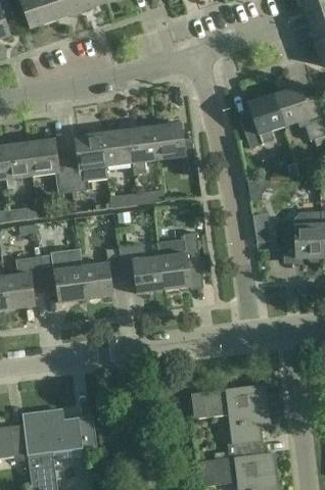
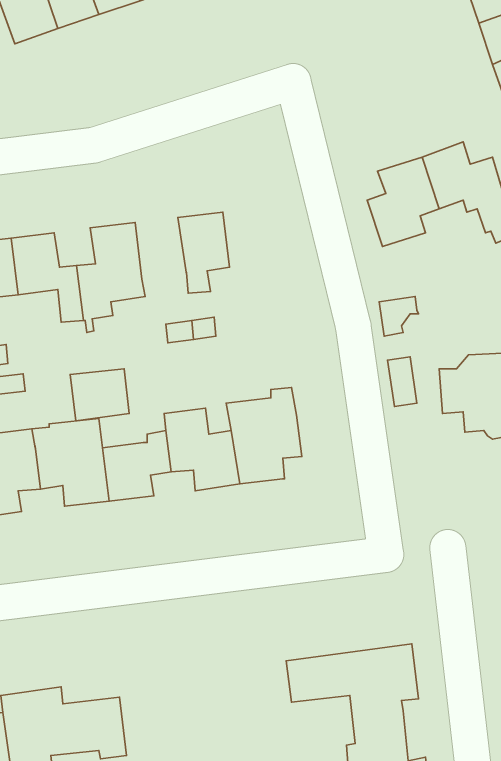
building: [154,124,197,173] -> none
building: [102,131,133,167] -> none
building: none -> [70,369,129,421]

